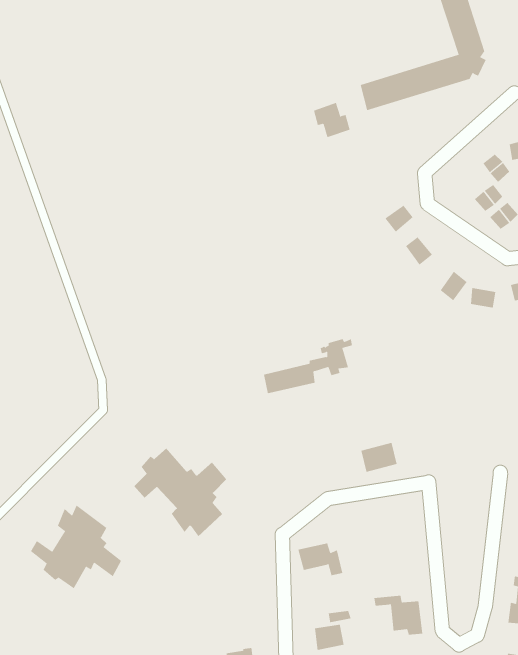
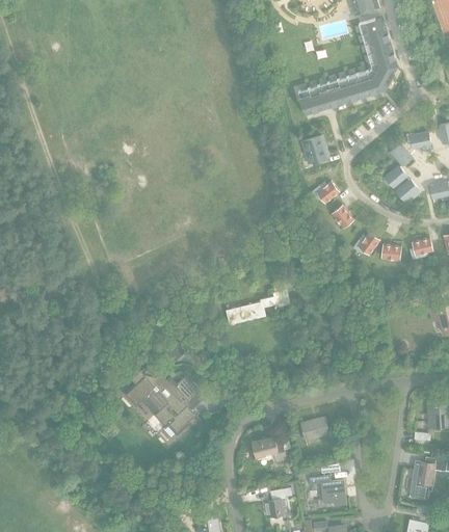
building: [313,102,350,138] -> [301,137,329,164]
building: [360,442,398,472] -> [300,418,328,441]
building: [30,504,122,589] -> none

